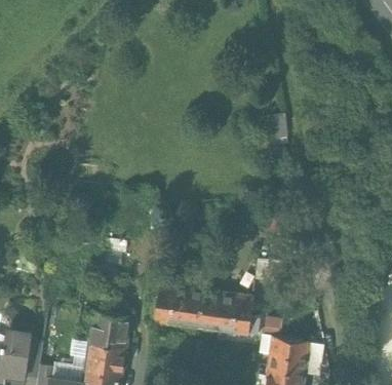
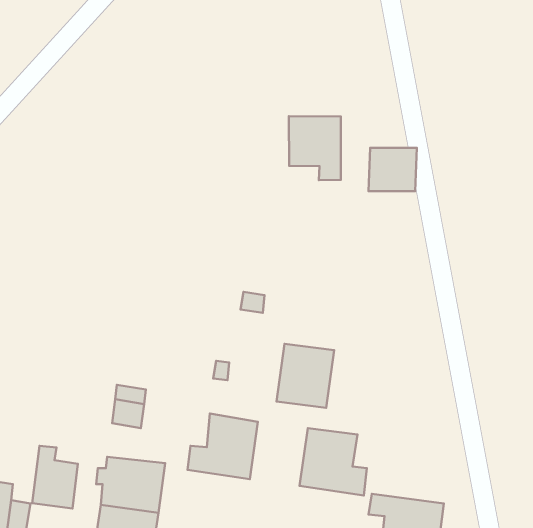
building: none -> [289,116,341,180]
building: [185,290,222,331] -> [277,344,334,408]
building: none -> [32,446,78,509]

